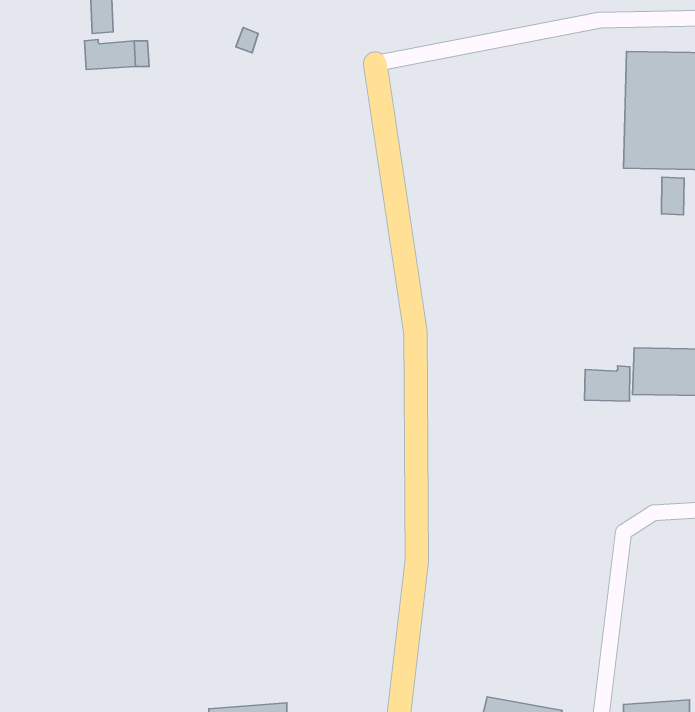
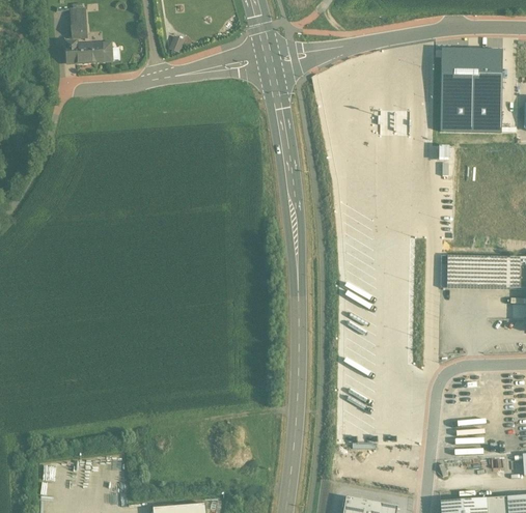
building: [661,177,684,215] -> none
building: [585,366,630,401] -> none

